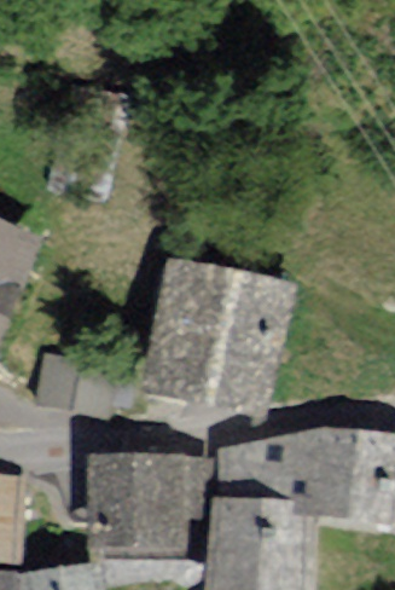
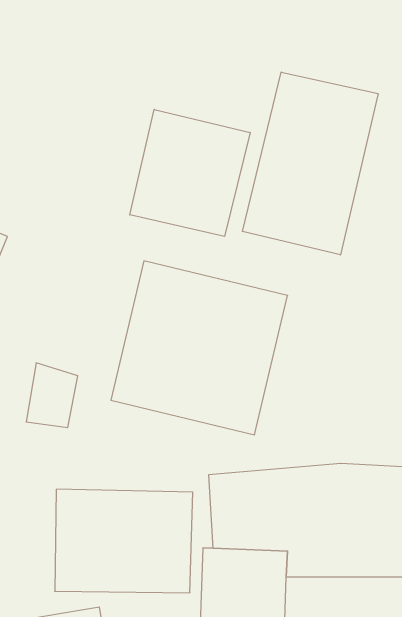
building: none -> [242,72,378,255]
building: none -> [130,109,250,236]

